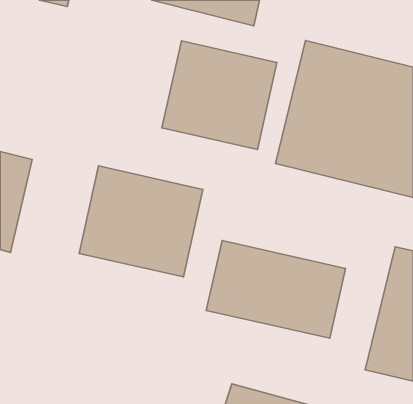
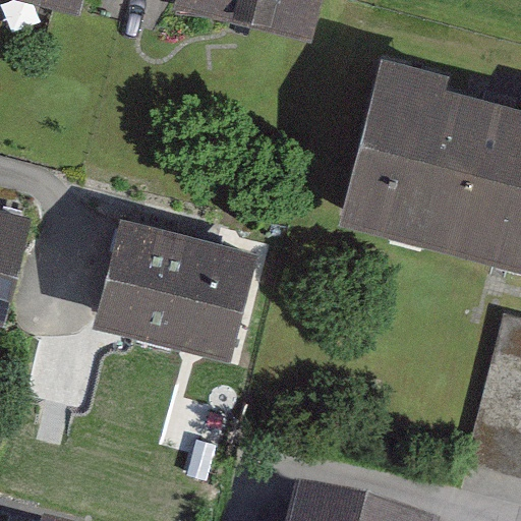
building: [162,41,277,150] -> none
building: [206,241,346,338] -> none

